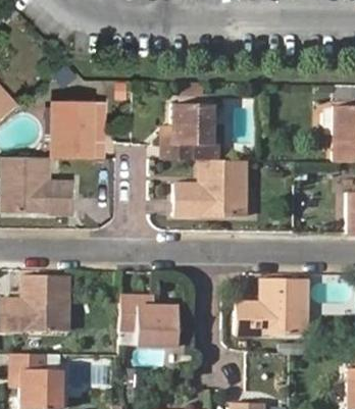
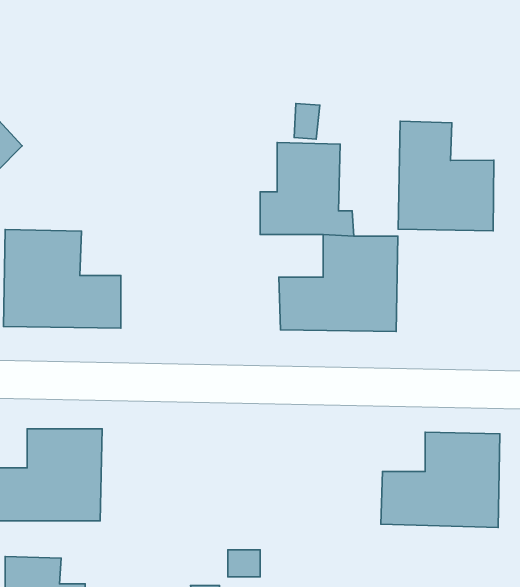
building: none -> [398,121,494,231]
building: [60,103,109,158] -> none
building: [119,297,174,346] -> none

